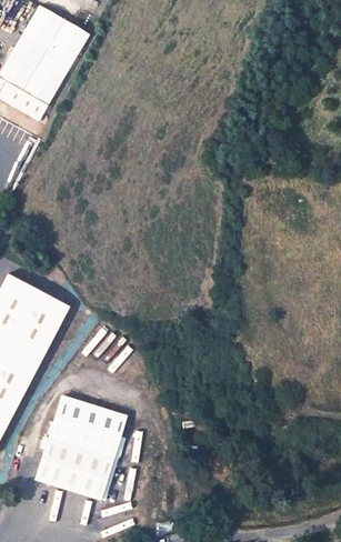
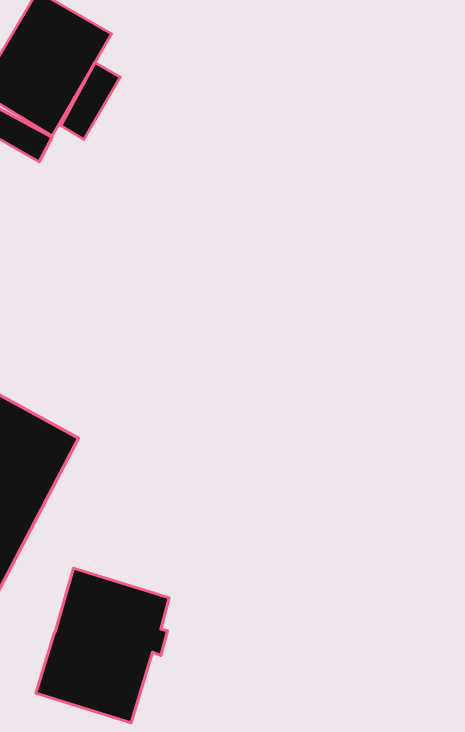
building: none -> [61,62,120,140]

